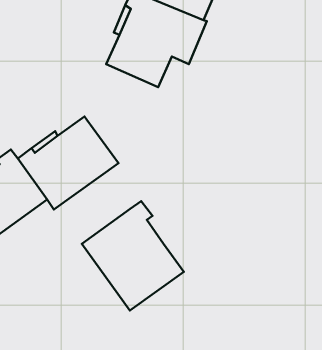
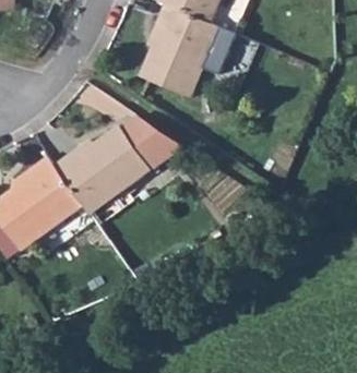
building: none -> [121,116,182,169]
building: [82,201,184,311] -> none

